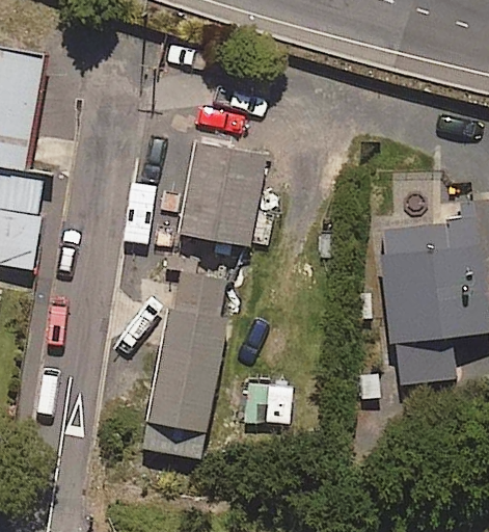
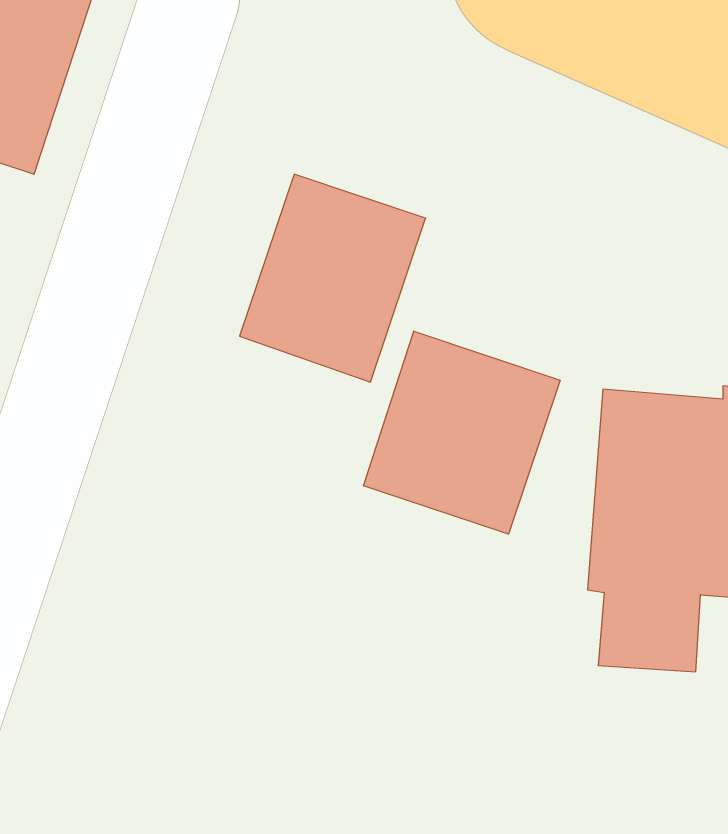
building: none -> [364,331,560,534]
building: [140,263,229,455] -> none

